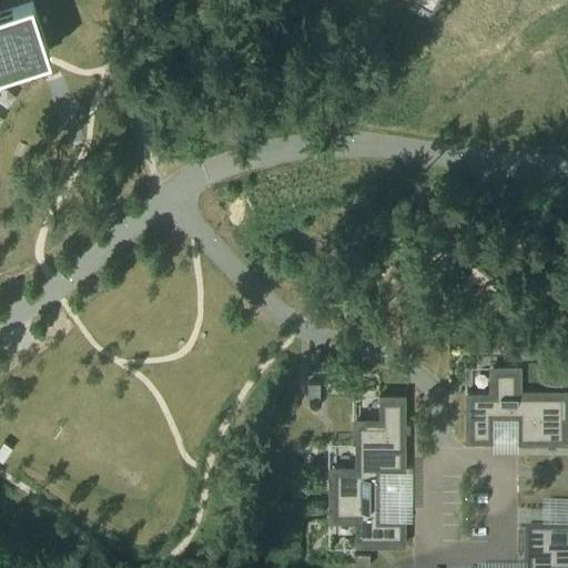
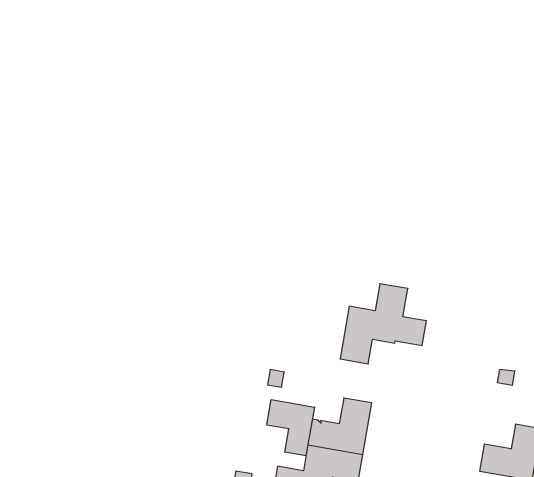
building: [468,369,541,445] -> [340,284,426,364]
building: none -> [267,400,314,456]

